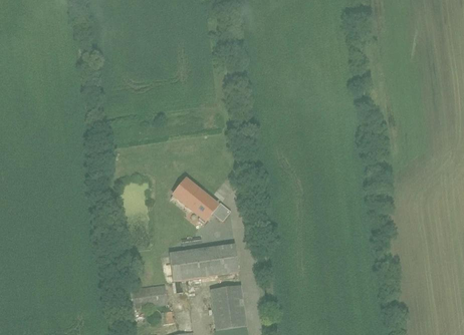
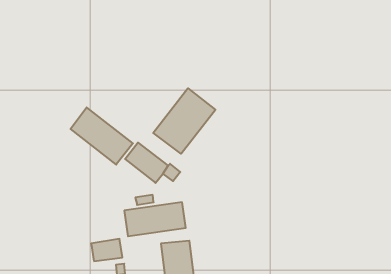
building: none -> [153,88,215,154]
building: none -> [71,107,133,165]

